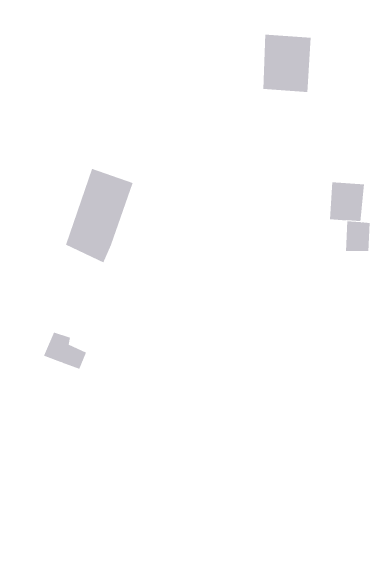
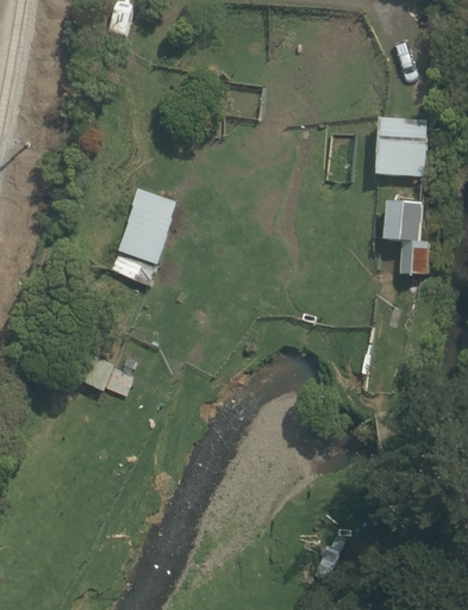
building: [262,34,312,92] -> [375,116,426,176]

